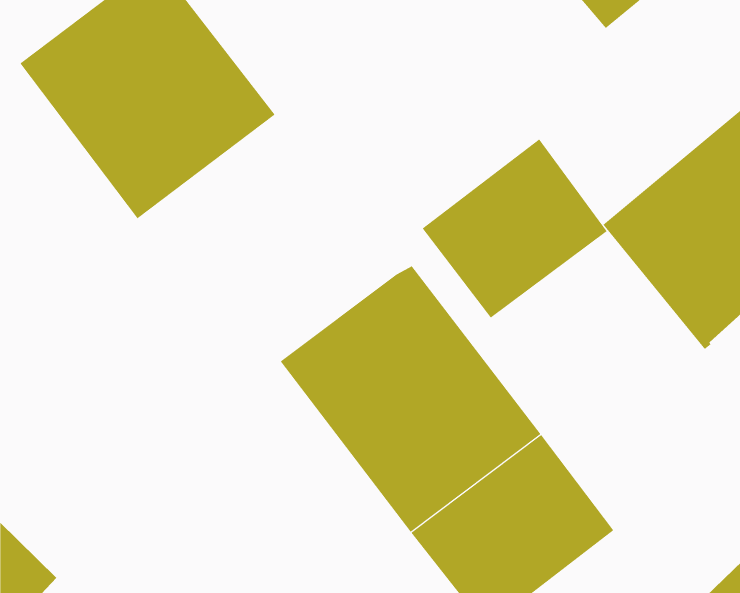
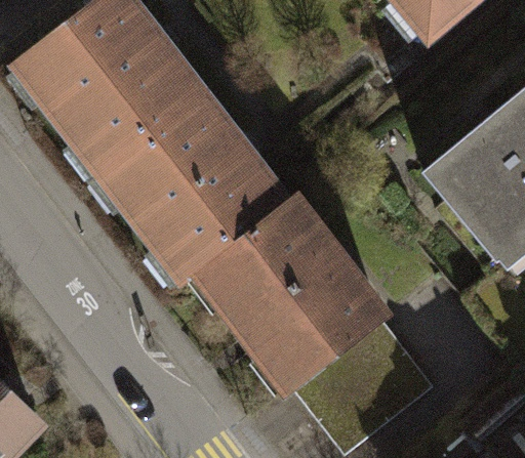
building: none -> [97,95,280,282]
building: [422,139,607,319] -> none

